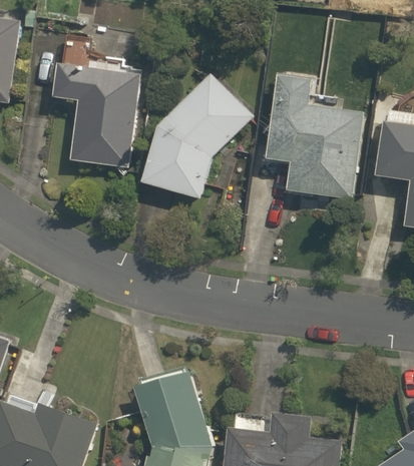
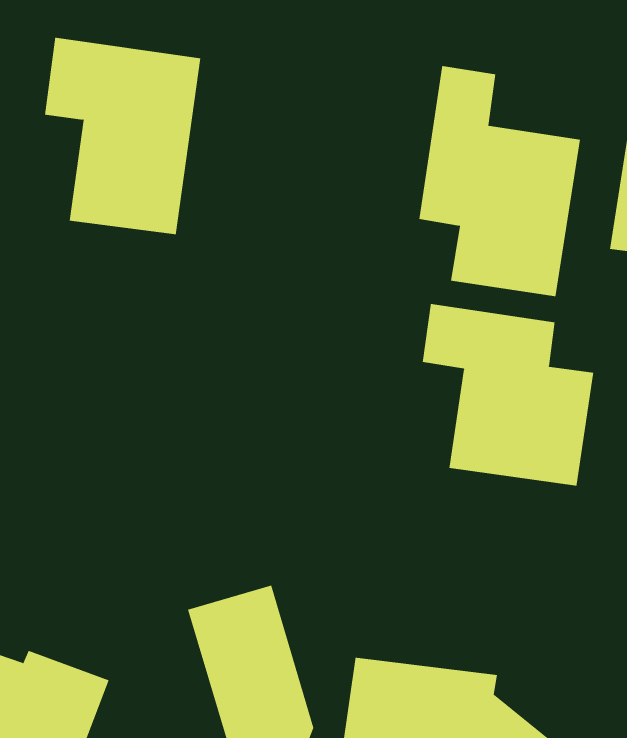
building: [142,76,253,201] -> none
building: none -> [422,303,594,486]

